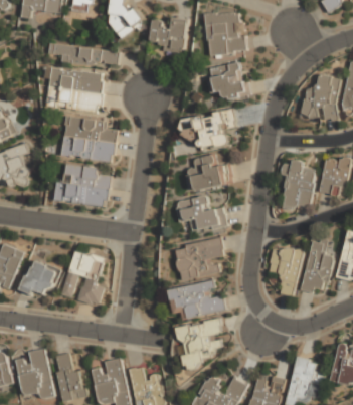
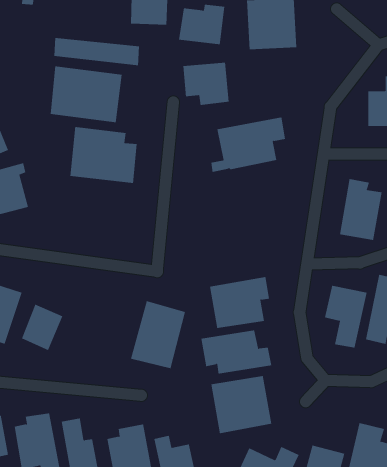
building: [207,63,245,98] -> [183,62,230,105]
building: [188,154,233,190] -> none
building: [56,165,110,207] -> none
building: [175,195,227,231] -> none
building: [60,250,106,306] -> [130,301,186,369]

